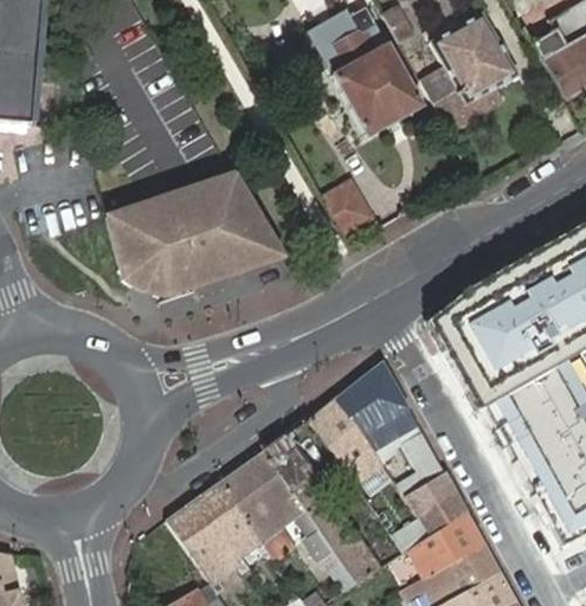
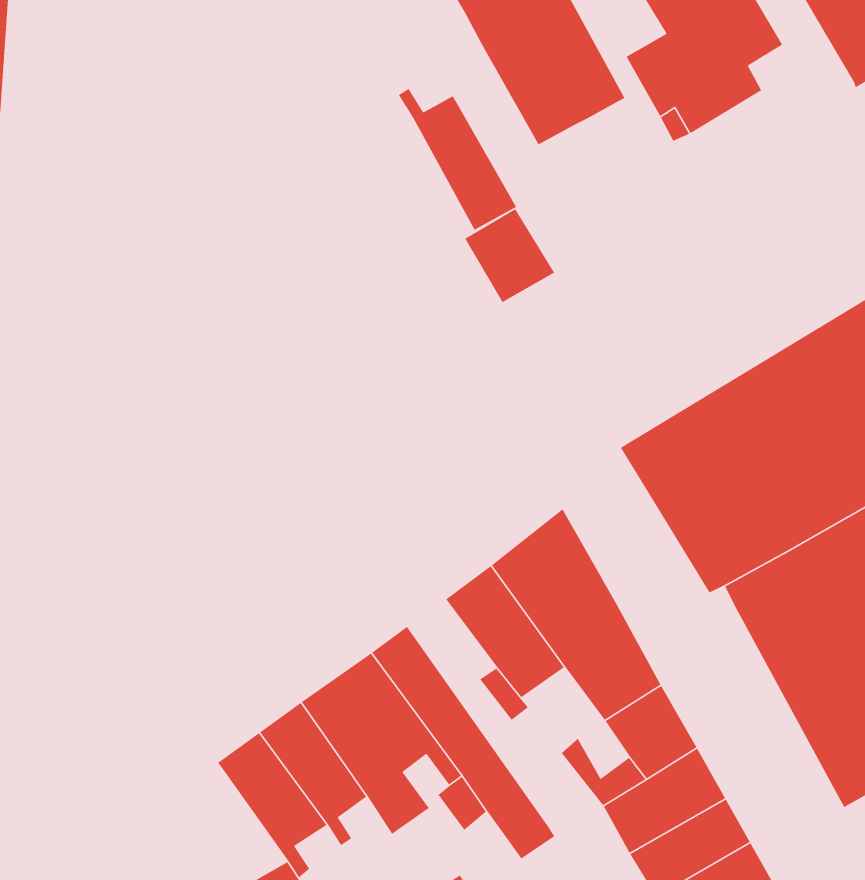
building: none -> [398,88,517,231]
building: [109,174,286,296] -> none

